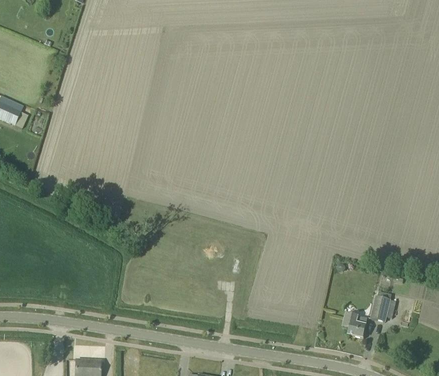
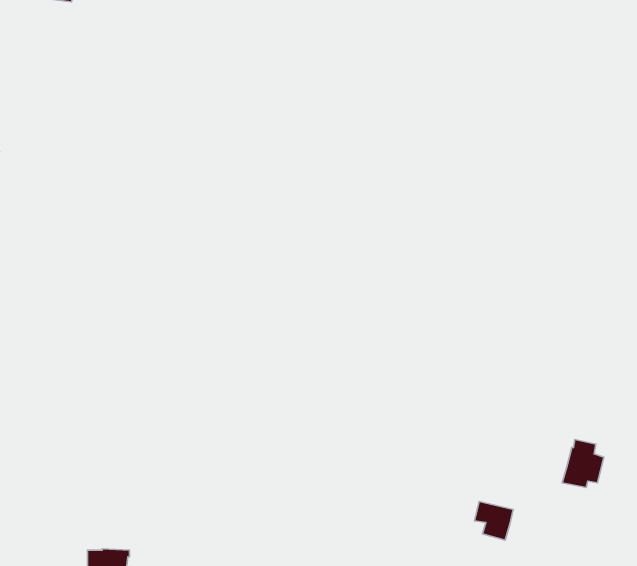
building: [343,313,367,337] -> [474,502,513,540]

